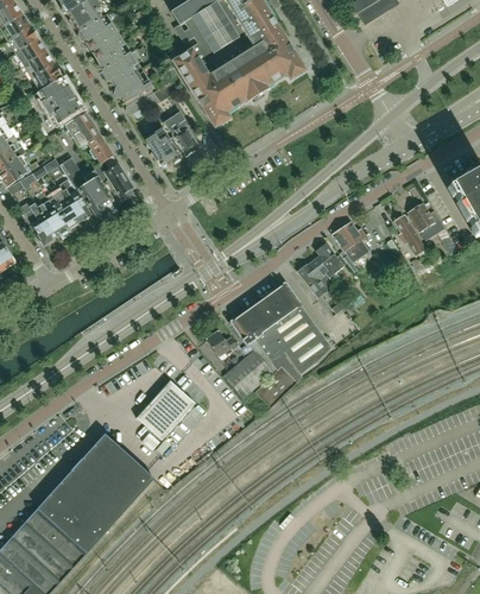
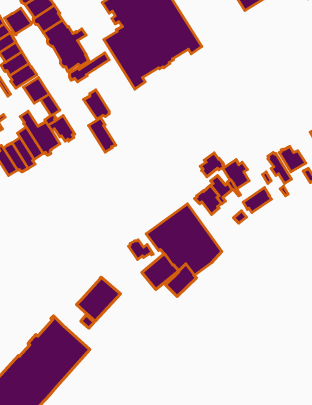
building: none -> [5,8,31,35]
building: [163,110,200,157] -> [89,118,116,152]
building: none -> [200,153,224,177]
building: none -> [243,188,271,212]

